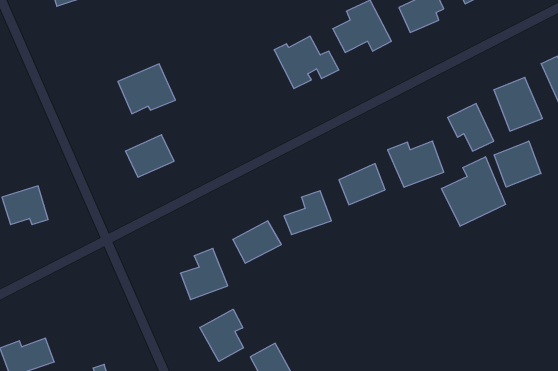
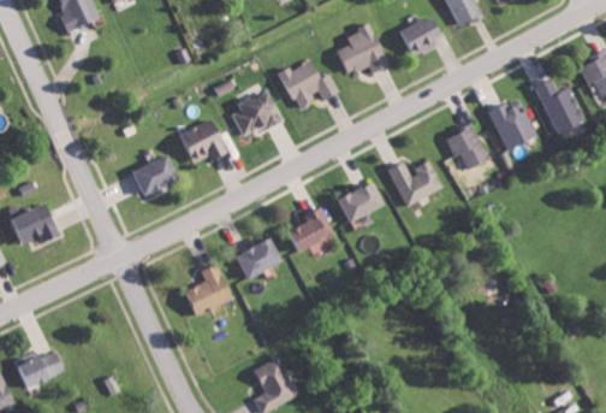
building: [118,64,175,114] -> [178,117,233,165]
building: none -> [231,90,281,137]
building: [494,141,541,187] -> none
building: [442,157,506,226] -> none
building: [200,309,243,361] -> none

